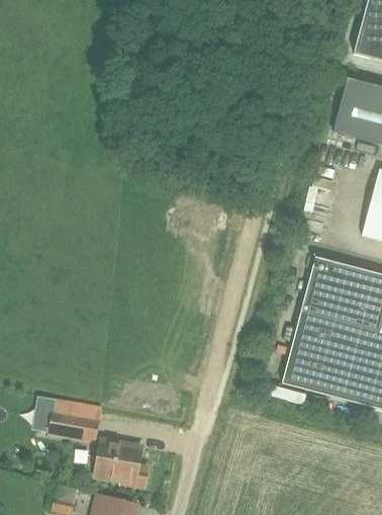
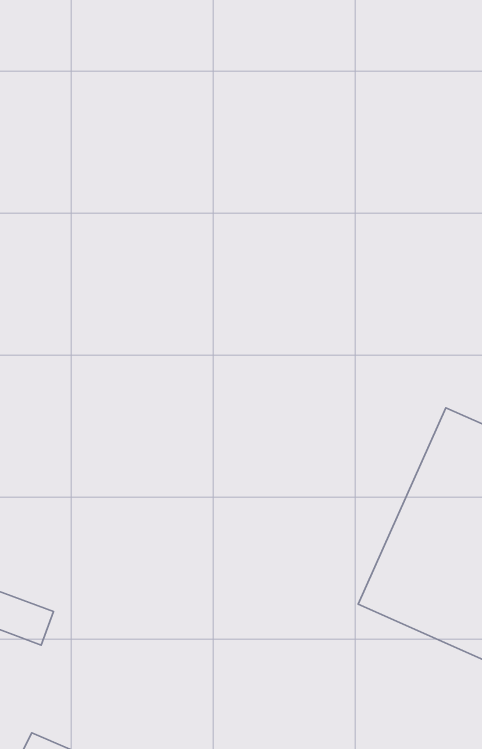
building: [96,437,148,486] -> none

